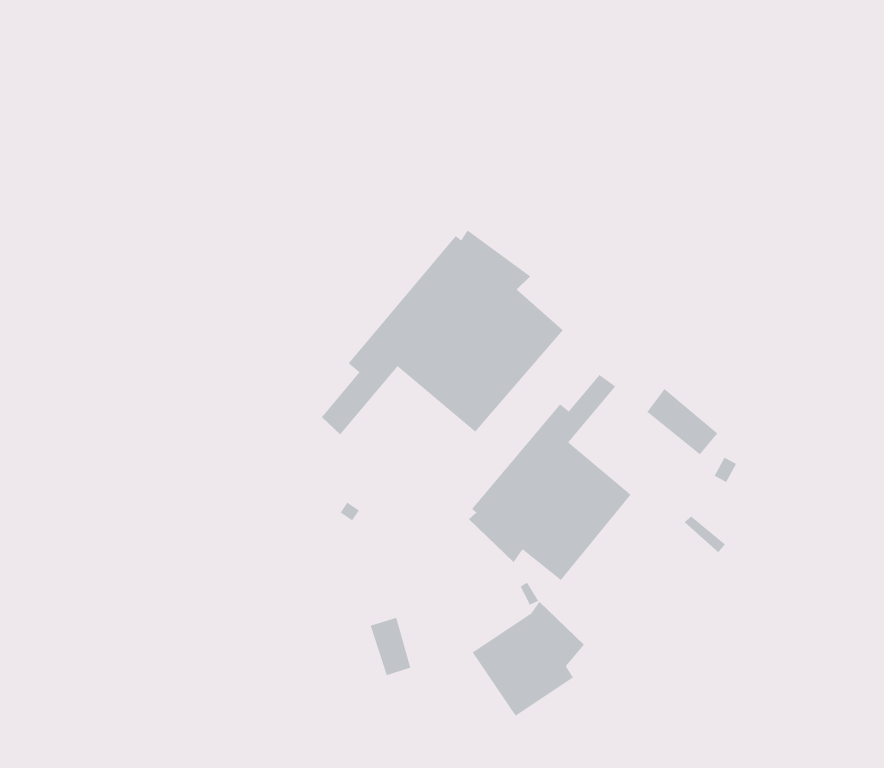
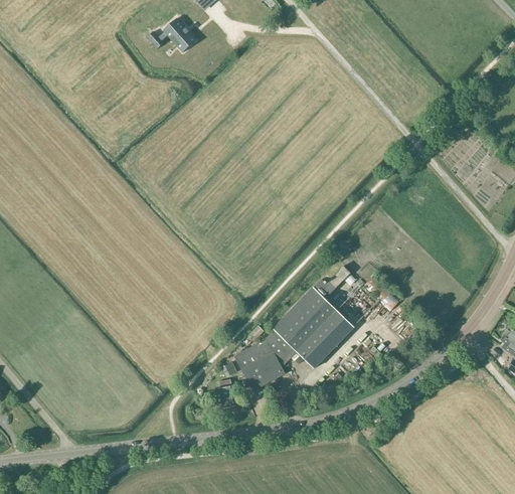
building: [321,229,563,435] -> none
building: [472,601,585,717] -> [234,332,292,389]

